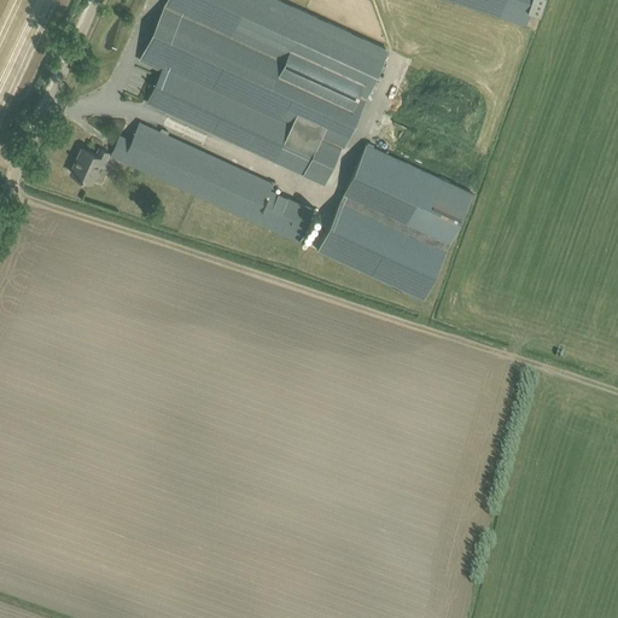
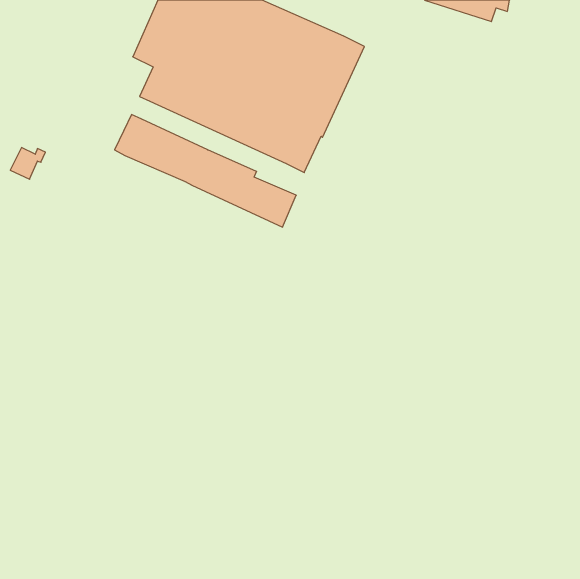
building: [317,144,472,299] -> none
building: [70,148,107,182] -> [10,148,45,179]

